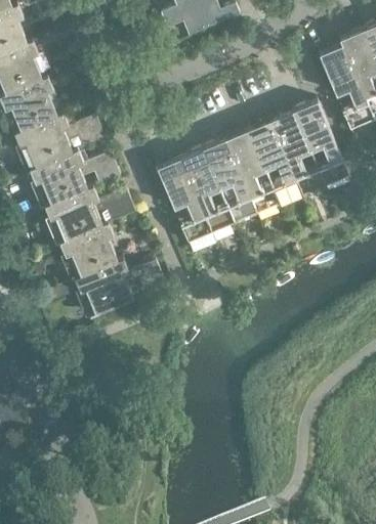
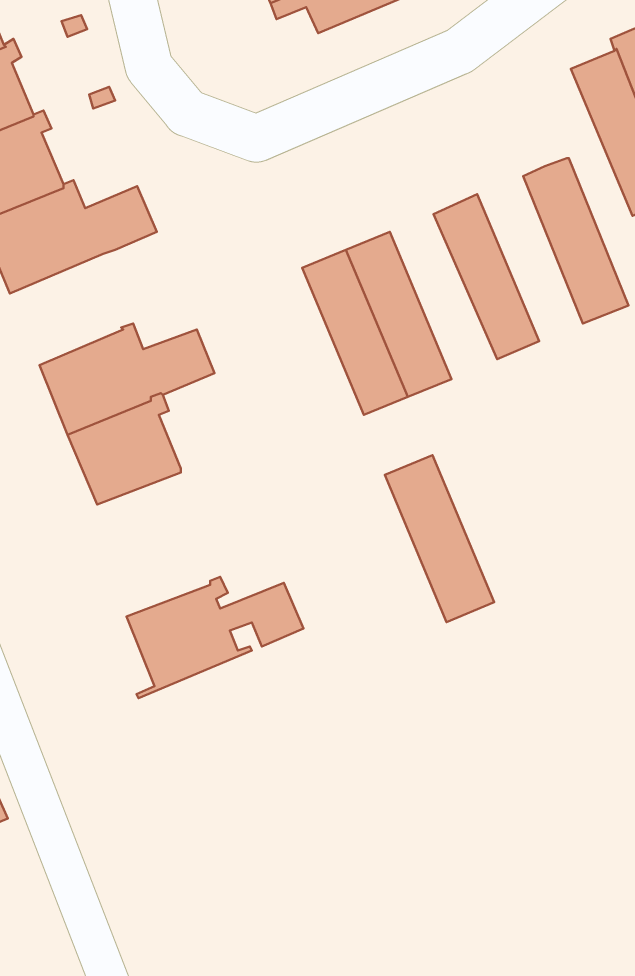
building: [269,106,324,191] -> none
building: [224,126,280,211] -> none
building: [29,146,119,204] -> none
building: [155,154,211,239] -> [385,455,494,622]
building: [74,255,165,317] -> [126,577,304,698]

